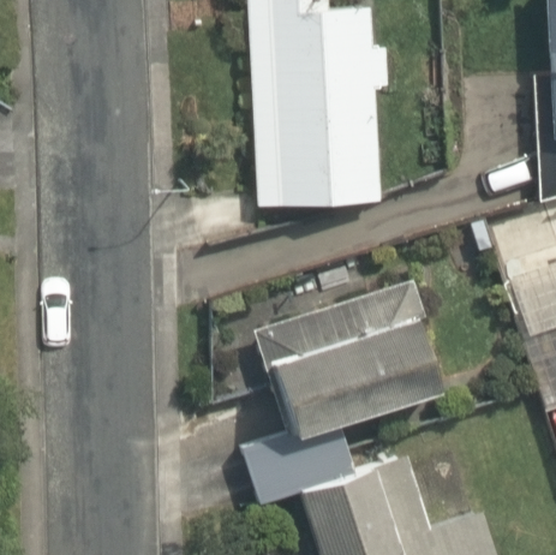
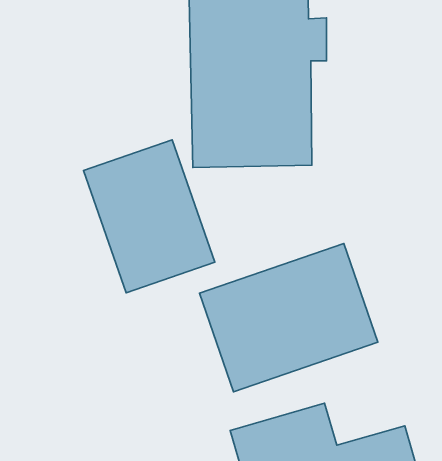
building: none -> [84,140,215,293]

